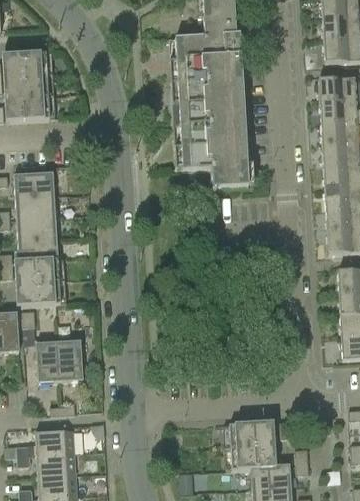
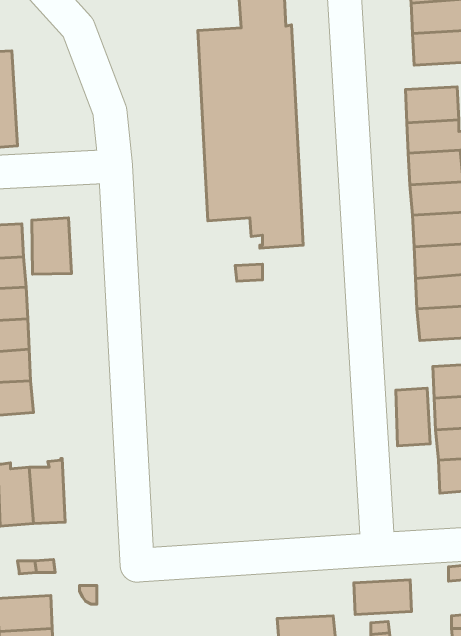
building: none -> [32,218,71,274]
building: none -> [396,388,430,446]
building: [229,422,269,446] -> [354,580,412,614]

